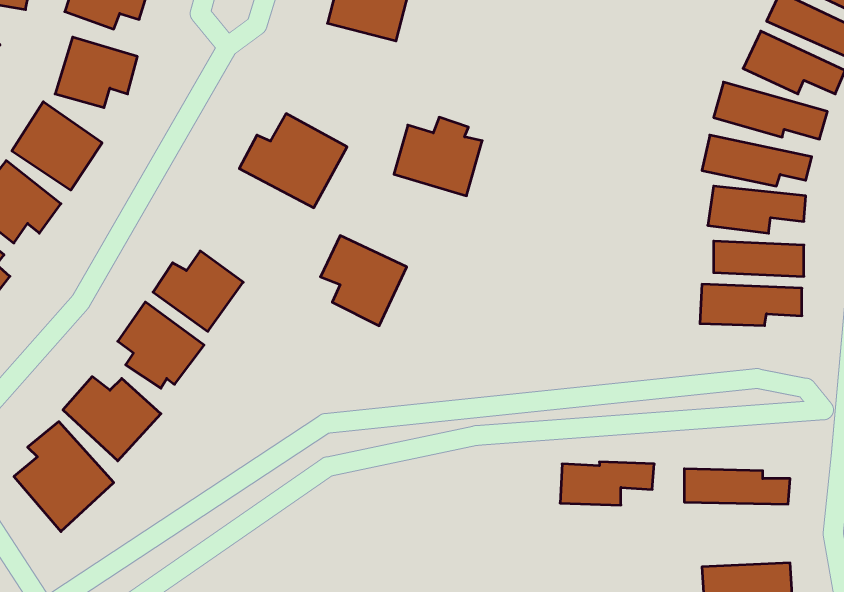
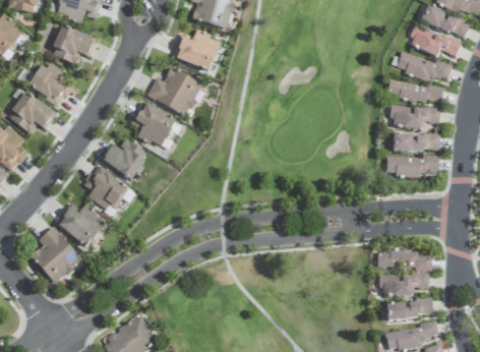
building: [394,117,482,196] -> [173,30,219,70]
building: [320,236,407,326] -> [131,102,176,149]
building: [560,462,654,505] -> [380,274,429,296]

